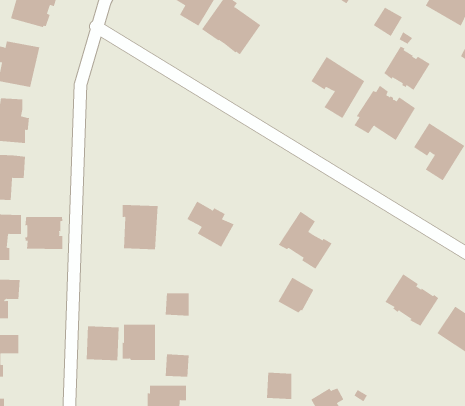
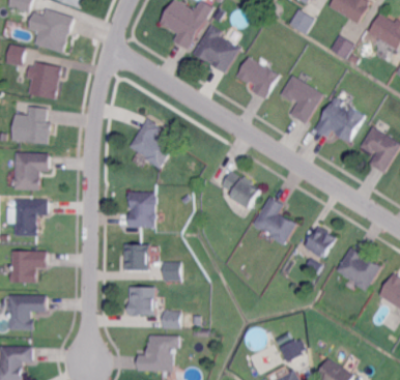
building: none -> [235,57,279,99]
building: [383,46,431,91] -> none
building: none -> [128,119,174,169]
building: [186,201,235,248] -> [221,172,259,209]
building: [25,216,63,250] -> none
building: [278,277,314,313] -> [306,228,335,257]
building: [86,326,120,361] -> [121,244,148,272]

